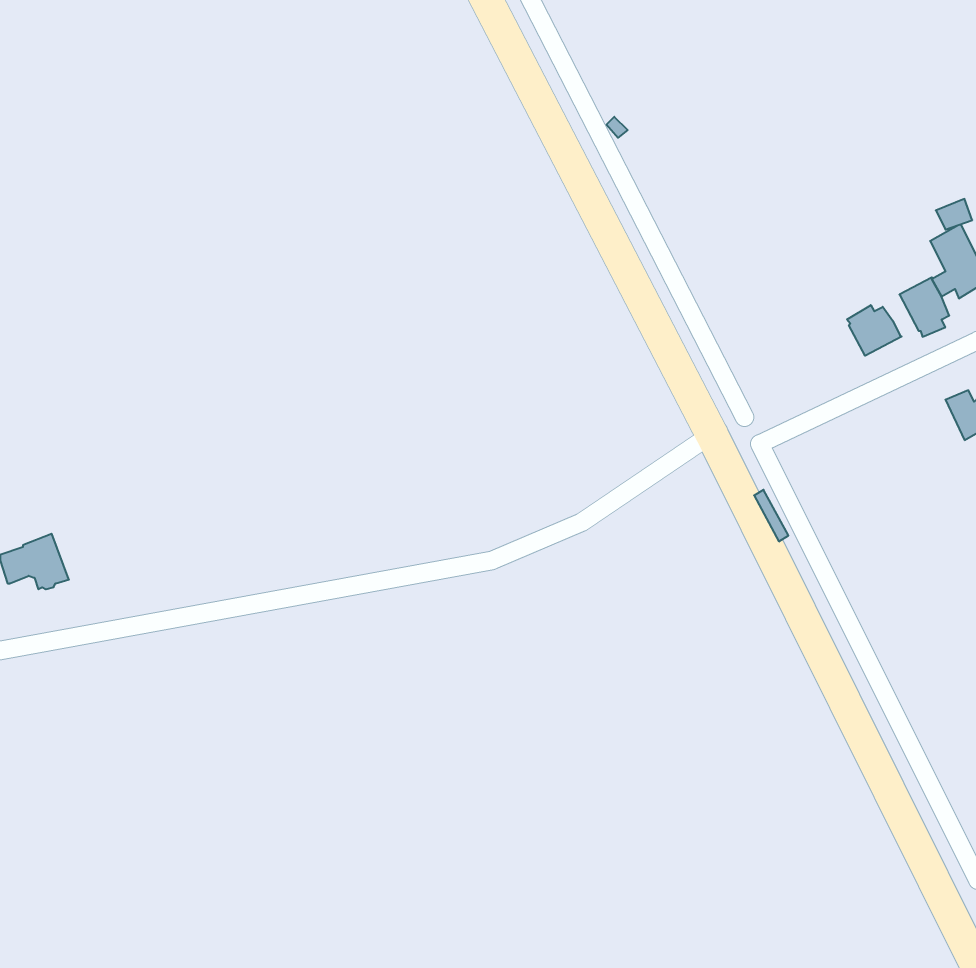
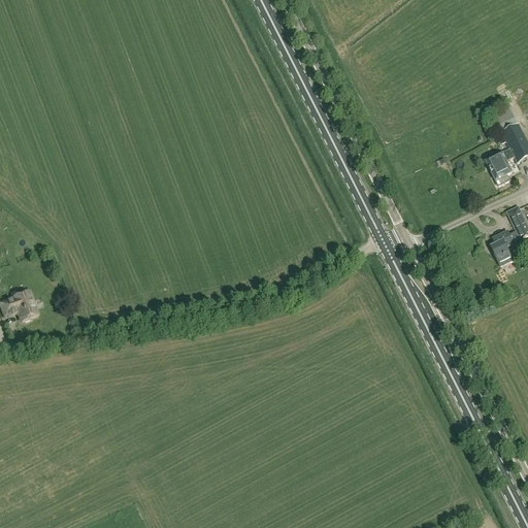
building: [847,305,902,356] -> none
building: none -> [492,230,515,264]

